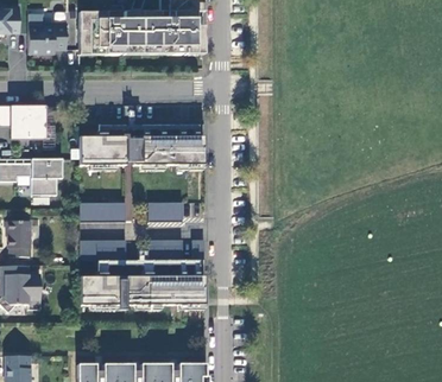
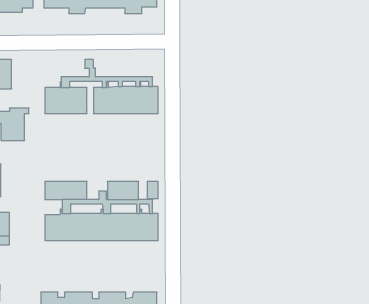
building: [80,202,126,222] -> none
building: [147,202,183,222] -> none

